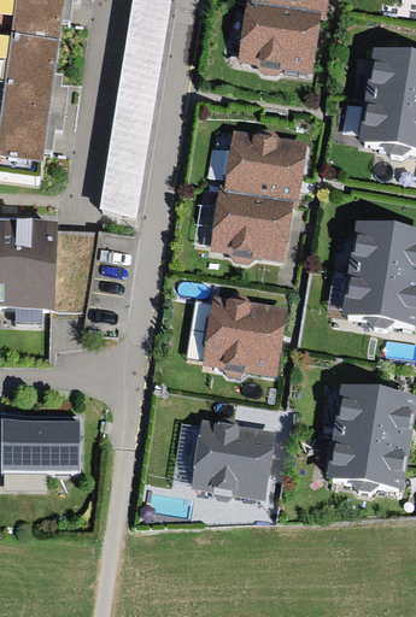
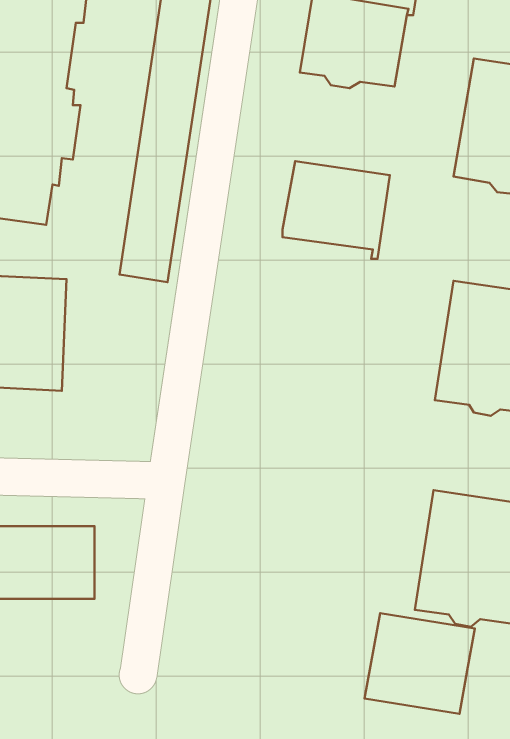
building: [210,182,294,262] -> none
building: [204,294,287,376] -> none
building: [191,418,276,496] -> [365,613,475,714]

